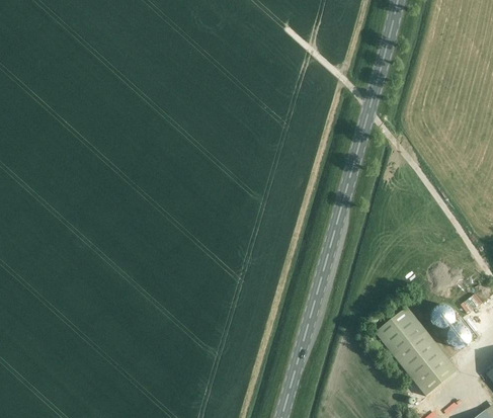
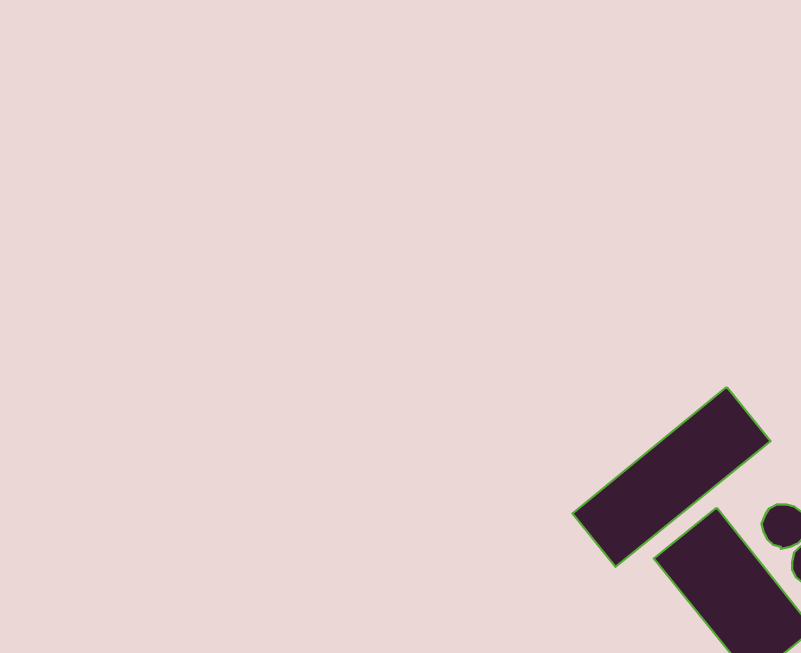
building: none -> [572,388,770,567]

